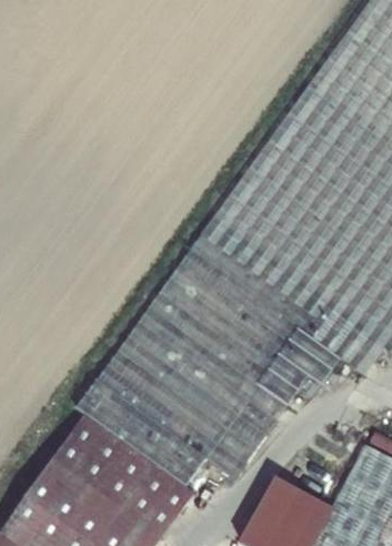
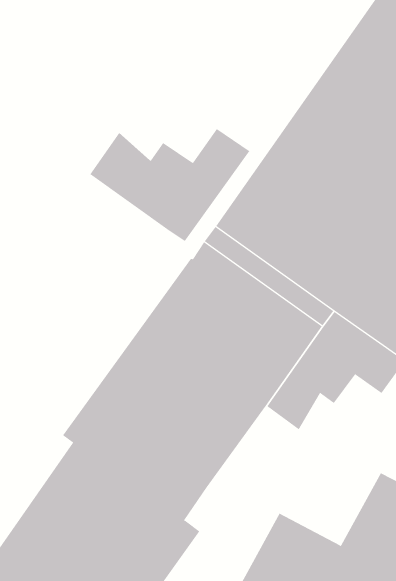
building: none -> [90,128,250,242]
building: [210,380,291,472] -> none

